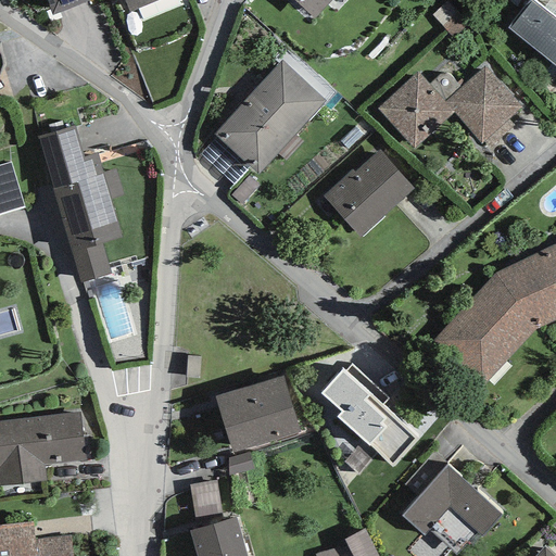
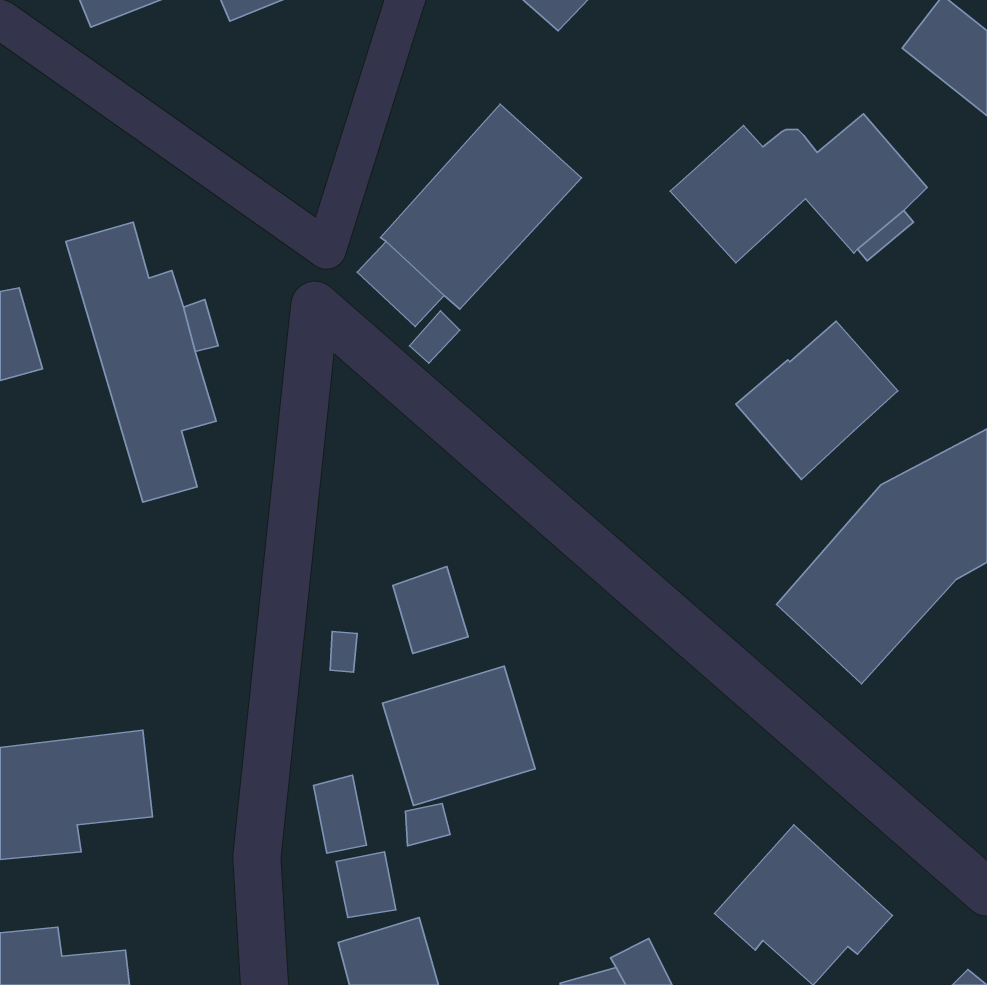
building: [323,148,414,237] -> [736,321,898,480]
building: none -> [393,567,468,653]
building: [320,369,418,467] -> none
building: none -> [314,775,367,853]

